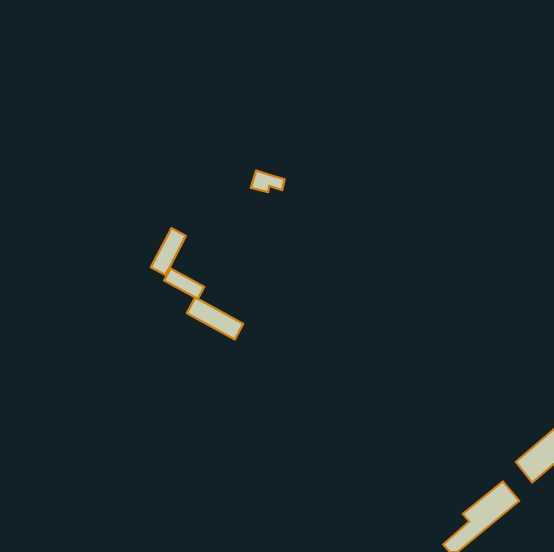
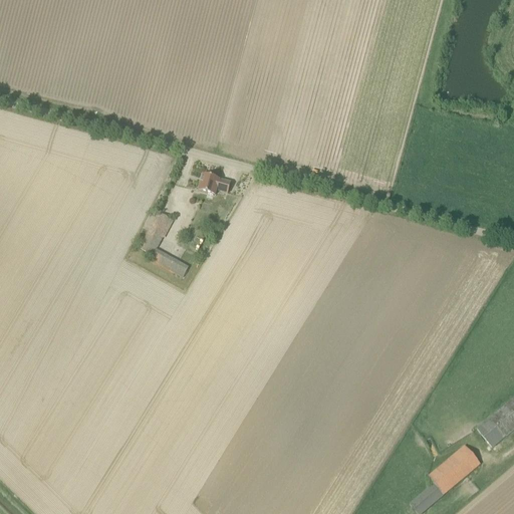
building: [251,171,284,192] -> [200,174,231,194]
building: [187,298,243,339] -> none

